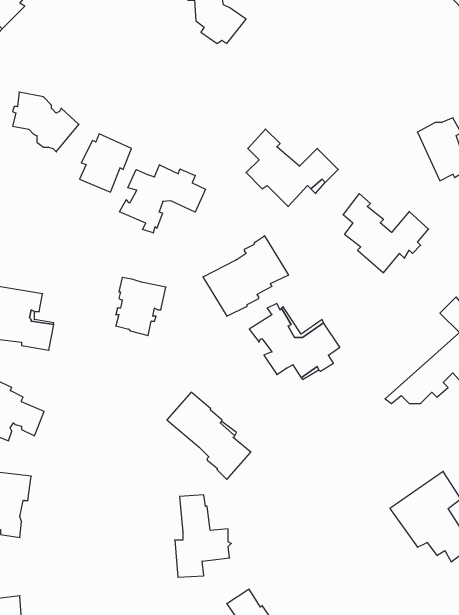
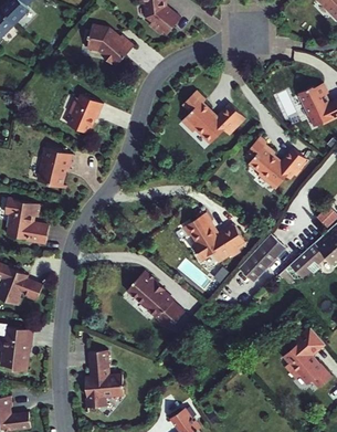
building: [13,92,79,152] -> [86,24,131,65]
building: [120,165,206,233] -> none
building: [203,236,288,316] -> none
building: [116,277,166,336] -> [39,149,73,189]
building: none -> [238,233,285,282]
building: [175,495,231,577] -> [85,352,124,409]

